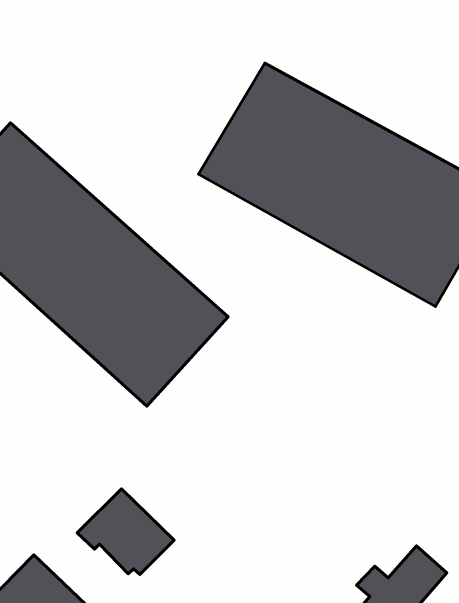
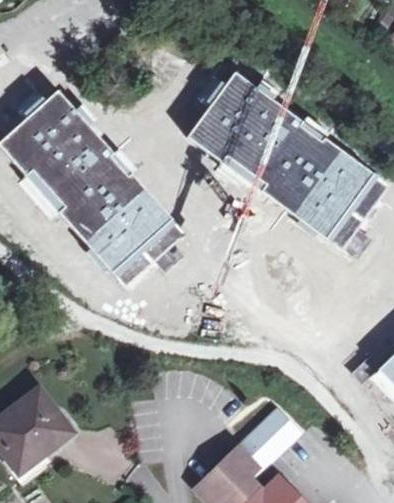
building: [77,489,174,574] -> none

